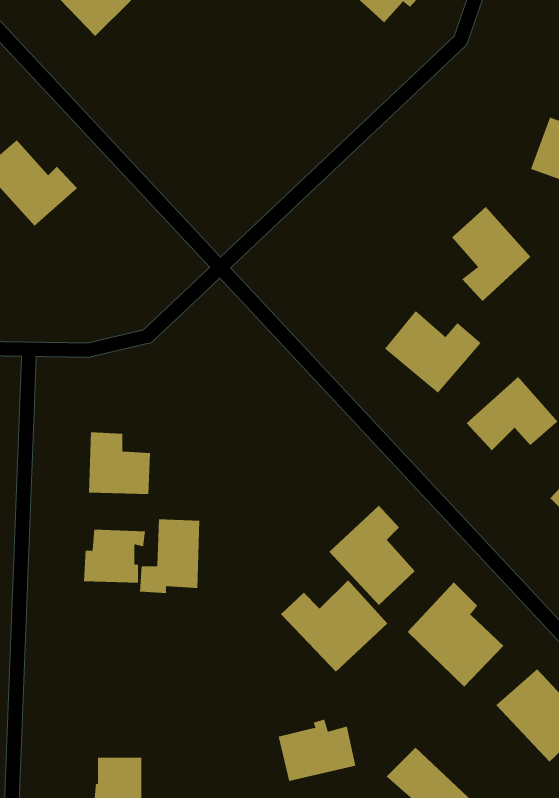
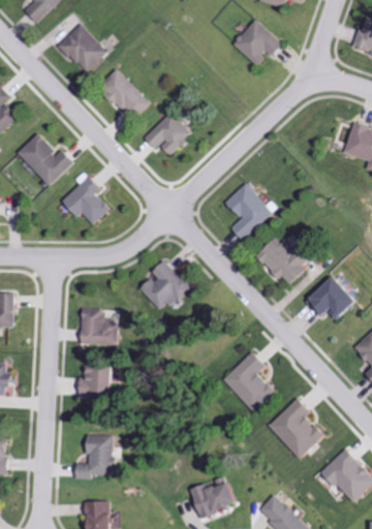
building: none -> [98,68,145,116]
building: none -> [142,112,191,155]
building: [451,206,531,302] -> [223,183,271,240]
building: none -> [62,176,110,224]
building: none -> [138,260,190,310]
building: [139,519,200,594] -> [75,435,112,479]
building: [280,579,388,673] -> none

